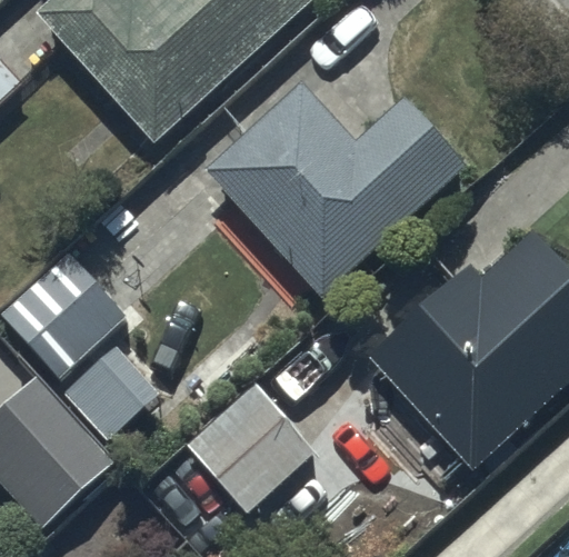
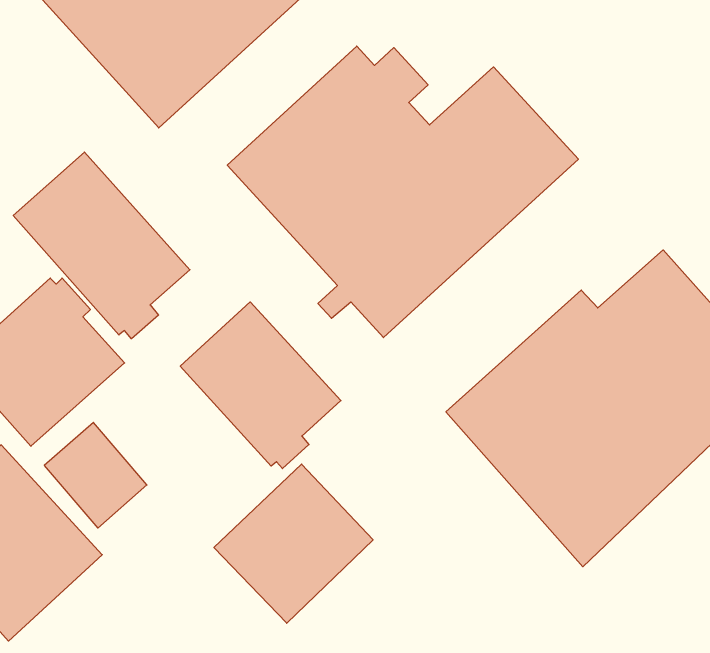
building: none -> [13,152,190,339]
building: none -> [180,302,341,469]

